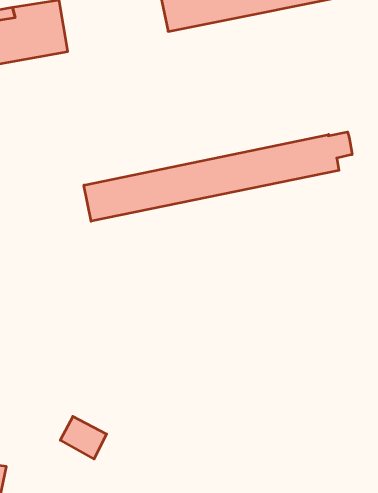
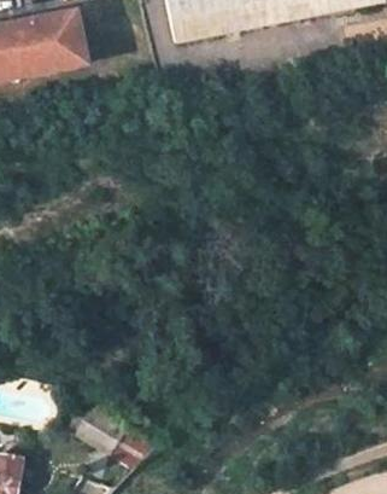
building: [84,132,352,221] -> none

